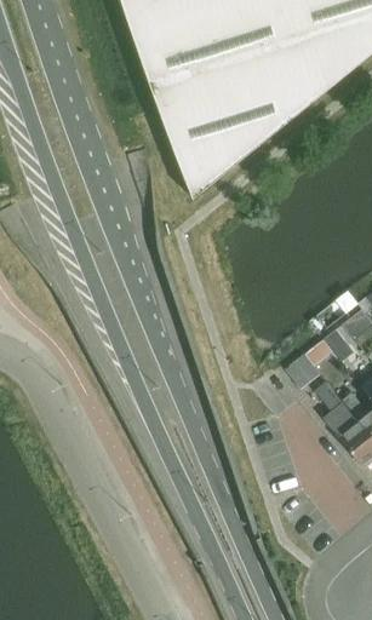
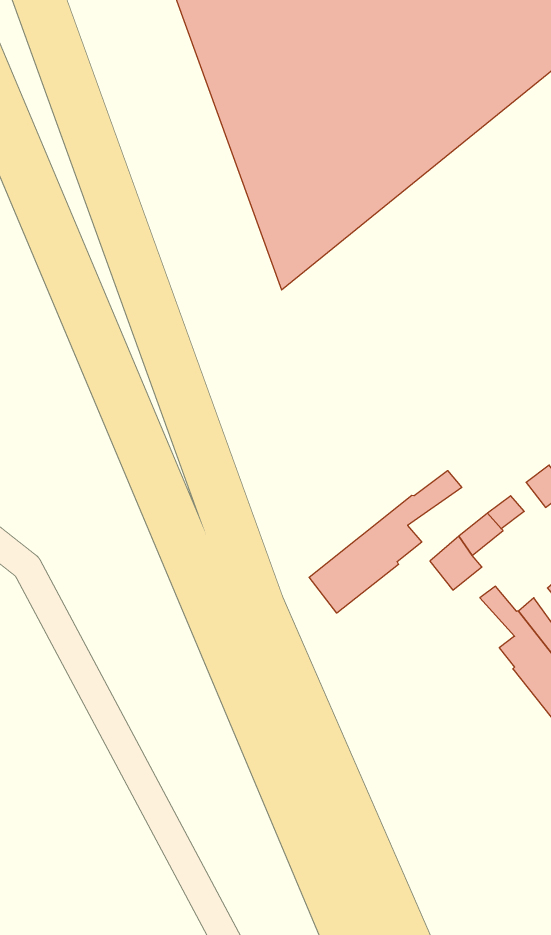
building: none -> [309,471,462,613]

